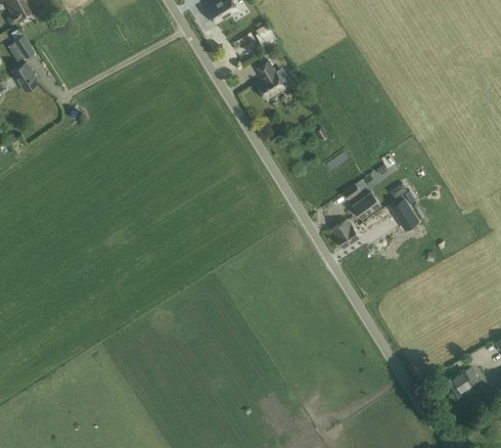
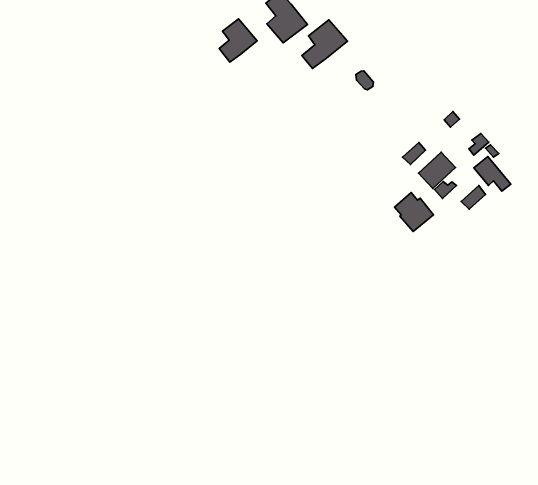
building: none -> [219,19,257,62]
building: none -> [302,20,348,69]

